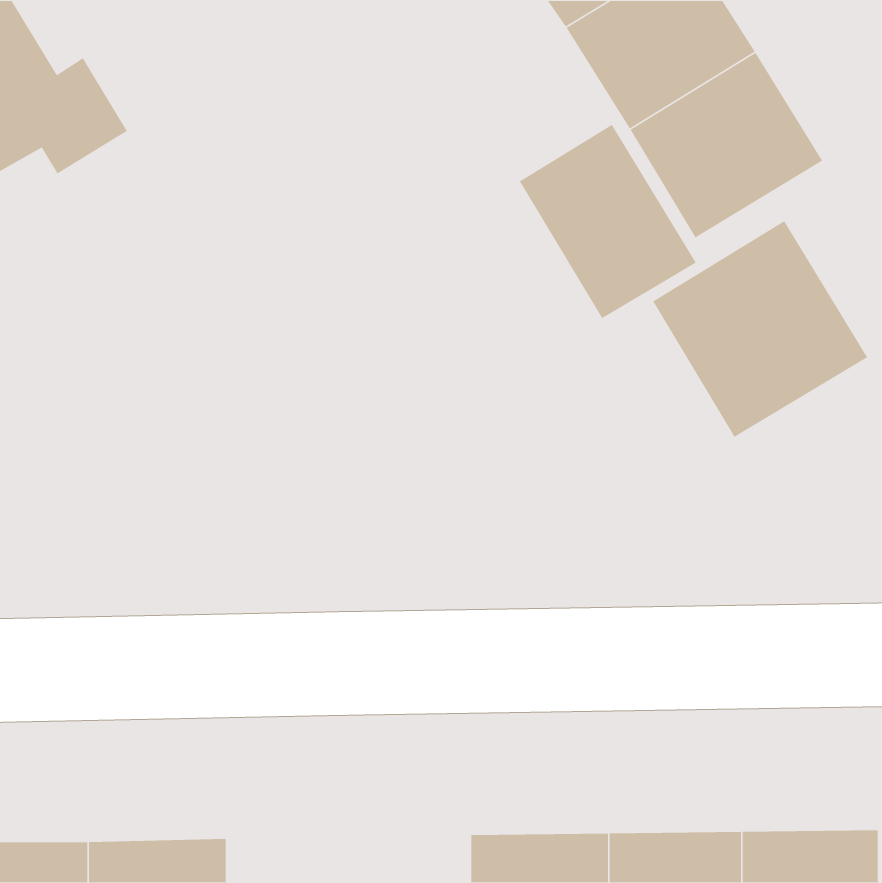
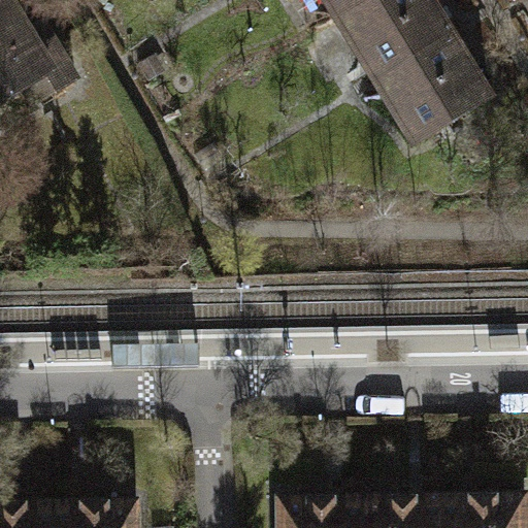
building: [519,124,697,319] -> none
building: [652,220,868,438] -> none

